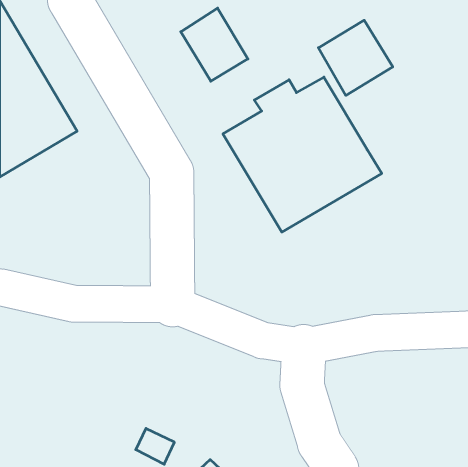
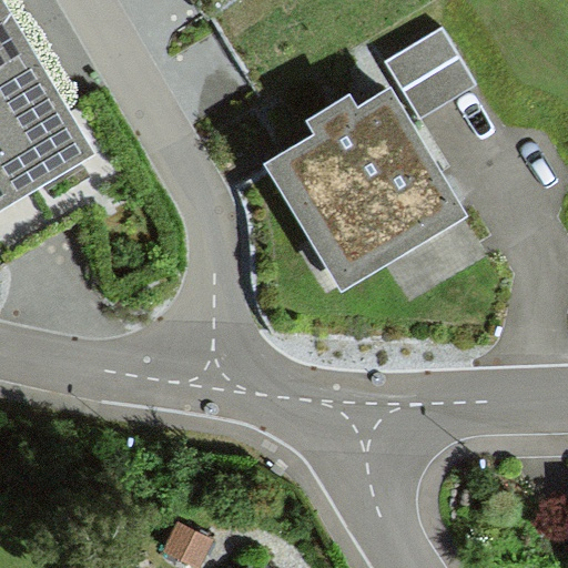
building: [181,8,248,81] -> none

